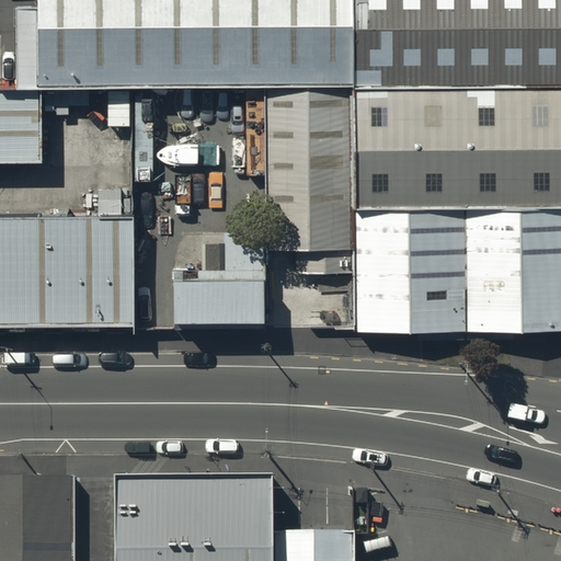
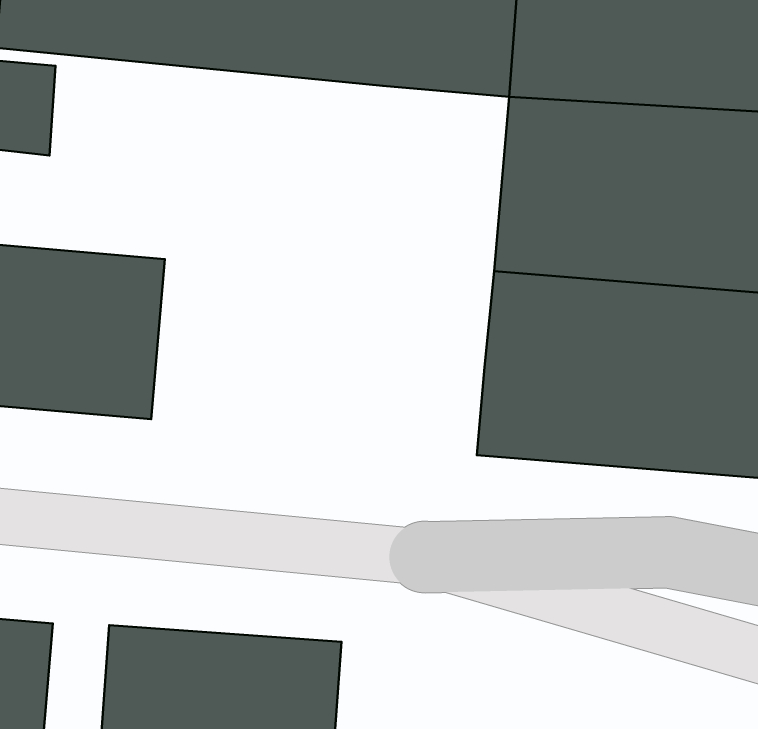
building: [267,89,354,274] -> none
building: [173,234,256,325] -> none

